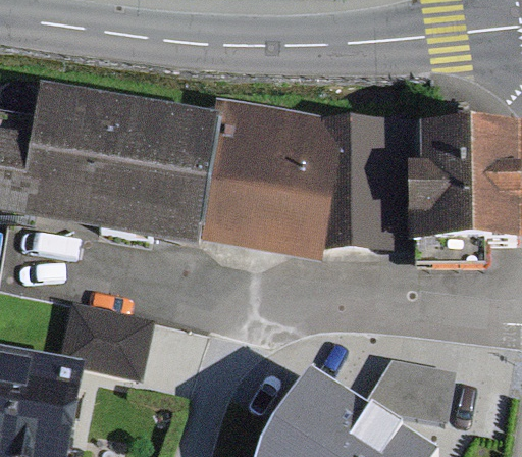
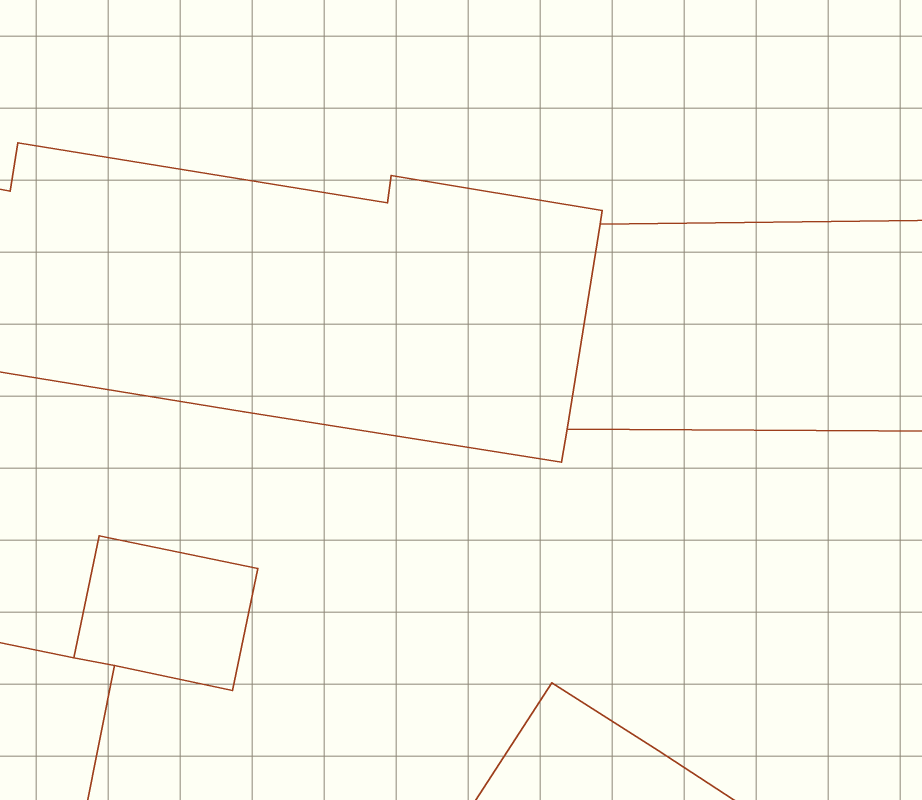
building: [366,356,456,414] -> none

